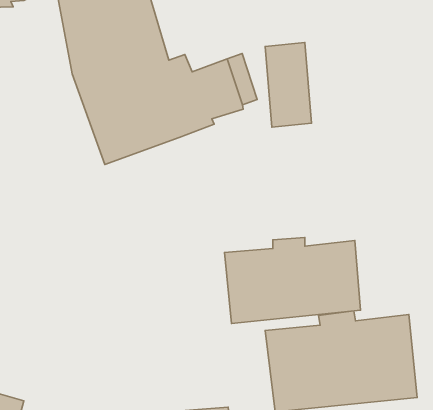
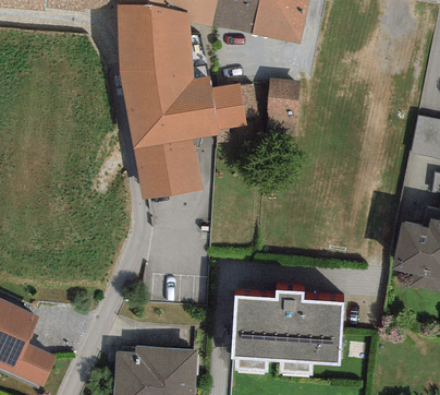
building: none -> [133,137,203,201]
building: [224,238,360,323] -> none

